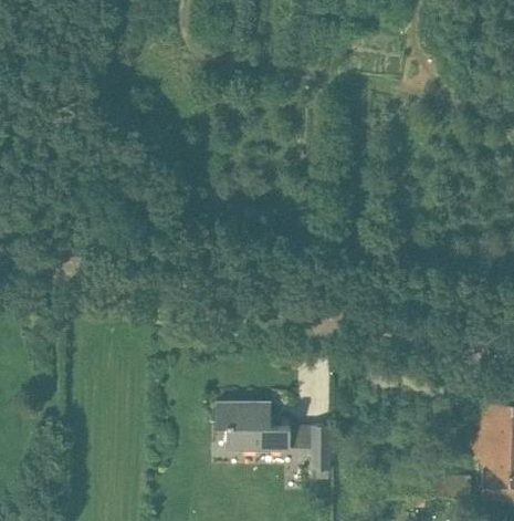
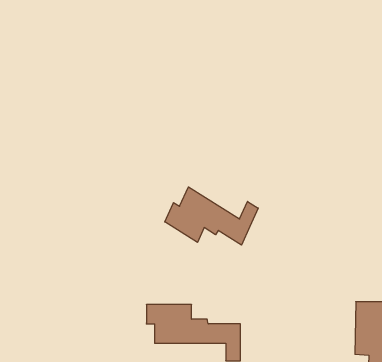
building: none -> [165,187,258,245]

